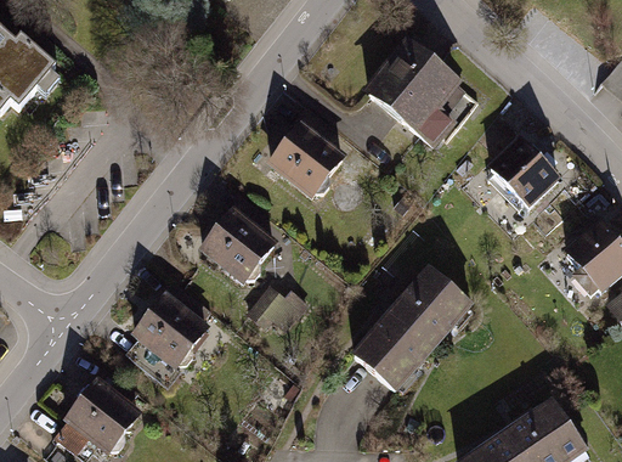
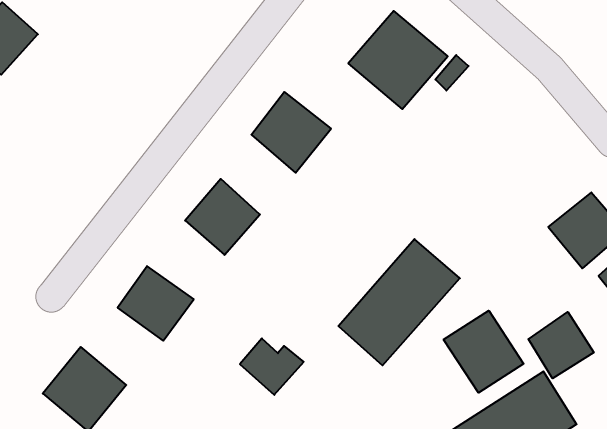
building: [487,136,559,208] -> none
building: [248,278,311,334] -> [240,338,304,395]
building: none -> [444,311,524,393]
building: none -> [528,312,594,378]

